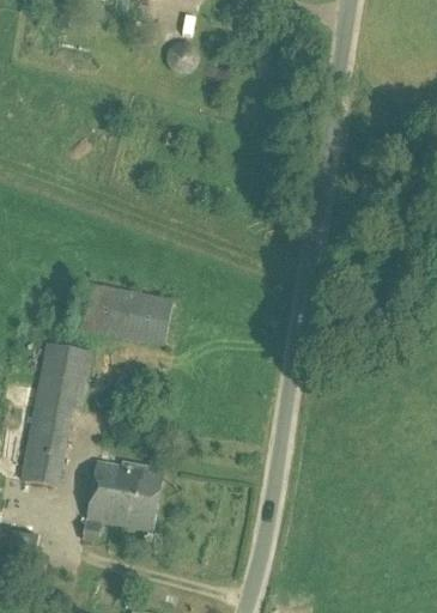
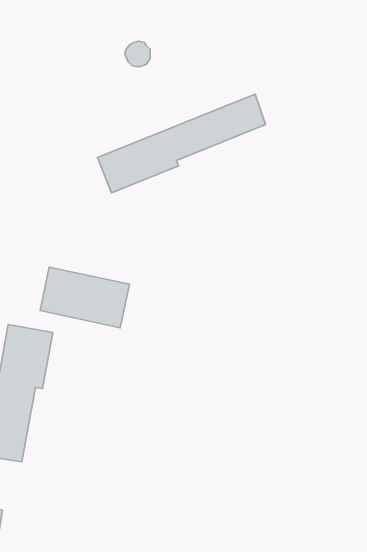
building: none -> [97,94,266,193]
building: [83,459,163,541] -> none

